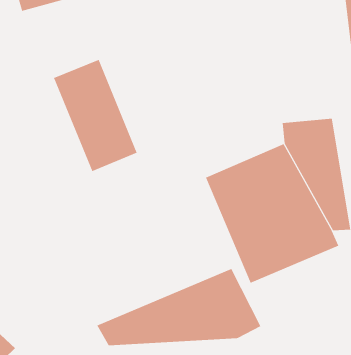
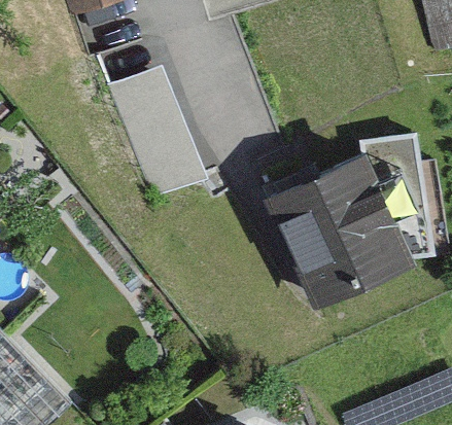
building: [97,268,261,346] -> none

